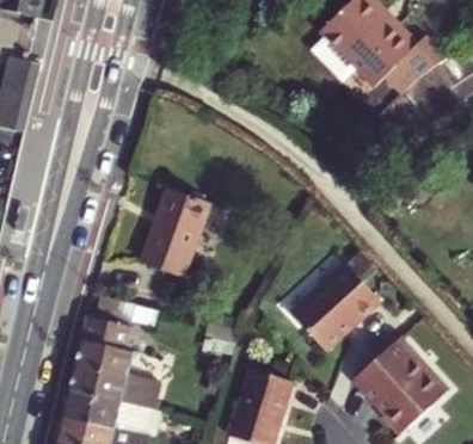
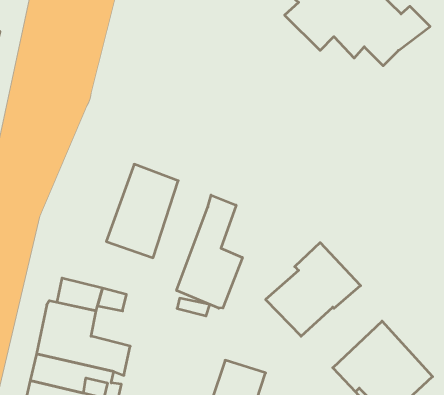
building: none -> [177,195,242,308]

